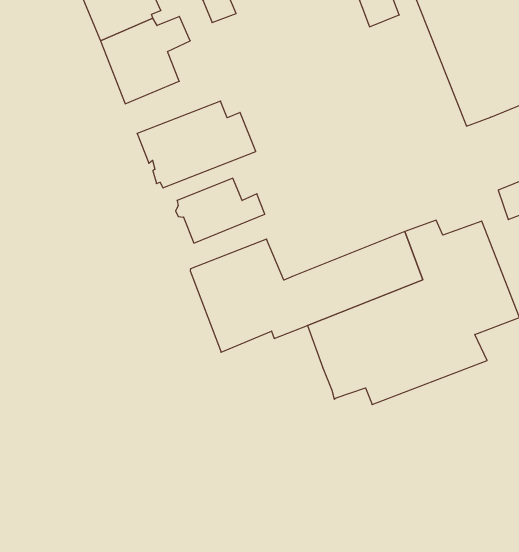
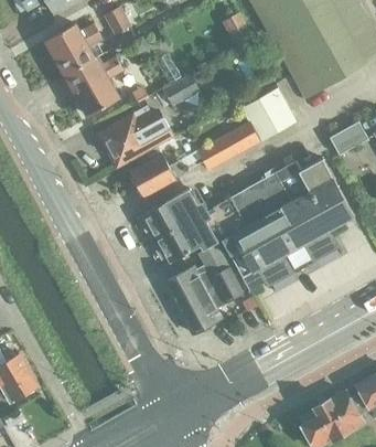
building: none -> [162,75,200,107]
building: none -> [196,88,297,172]
building: none -> [164,242,244,334]

